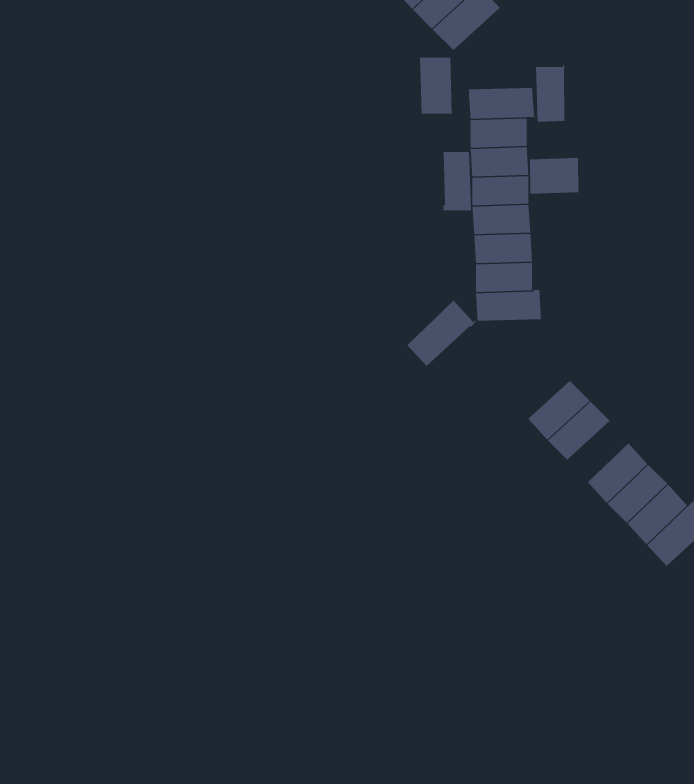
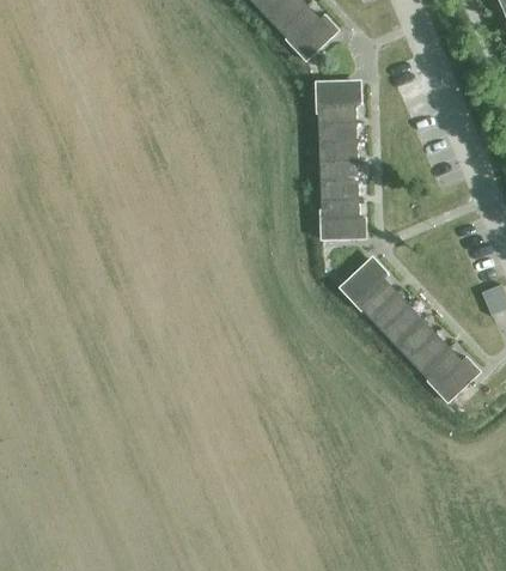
building: [419,57,453,114] -> none
building: [535,64,565,122] -> none
building: [443,151,472,213] -> none
building: [529,157,579,194] -> none
building: [407,300,477,367] -> [343,259,390,303]
building: none -> [383,304,423,345]

